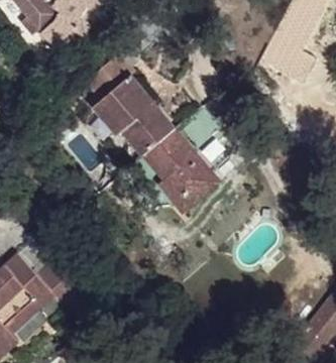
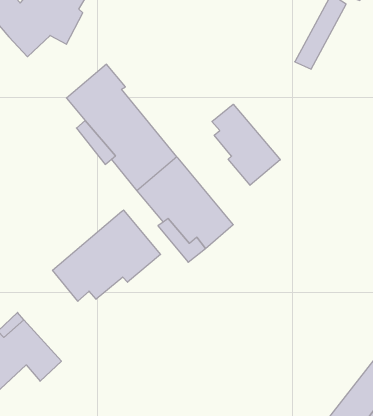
building: none -> [212,104,280,185]
building: none -> [53,210,161,301]

